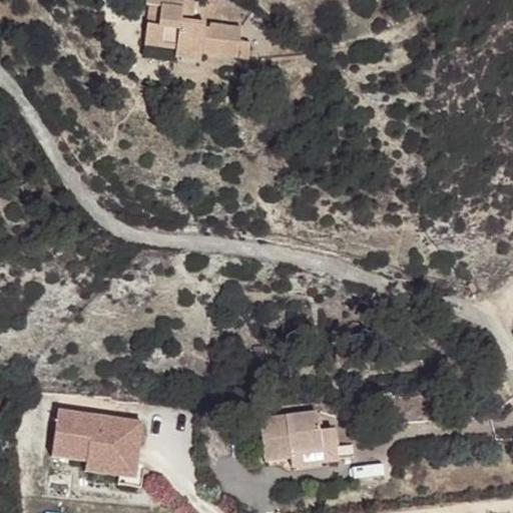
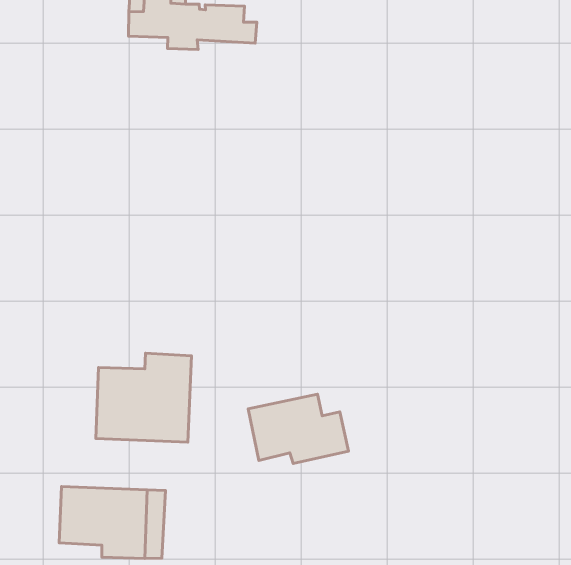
building: none -> [96,353,192,442]
building: [261,411,340,466] -> [248,394,348,464]

